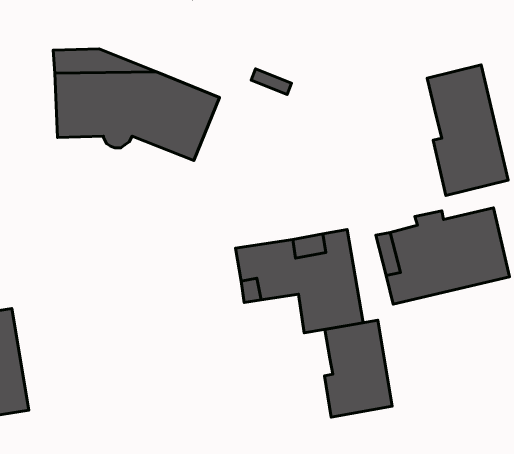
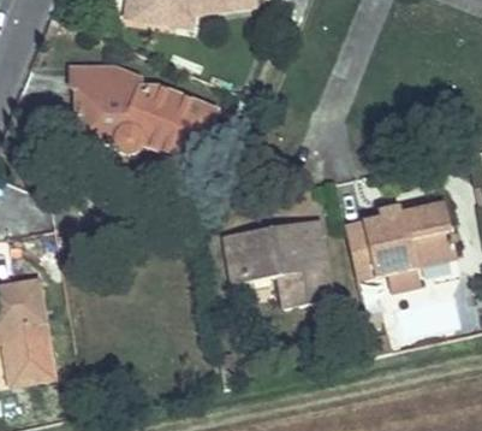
building: [427,65,508,196] -> none
building: [325,320,392,417] -> none

